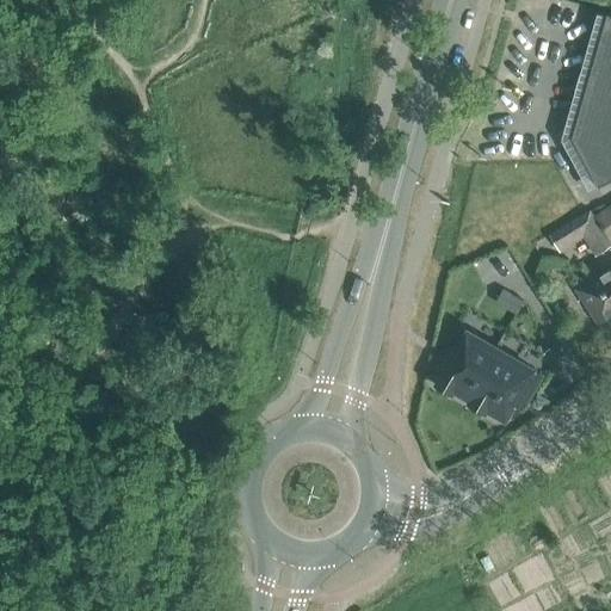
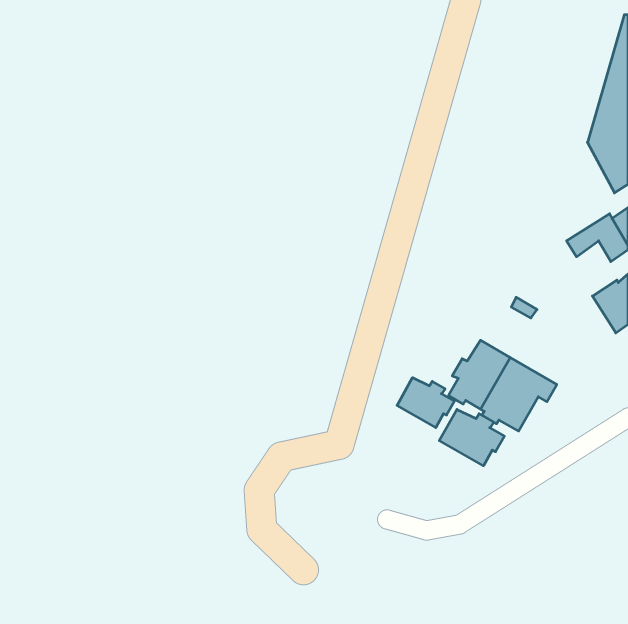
building: none -> [397,378,454,428]
building: none -> [439,409,504,466]

